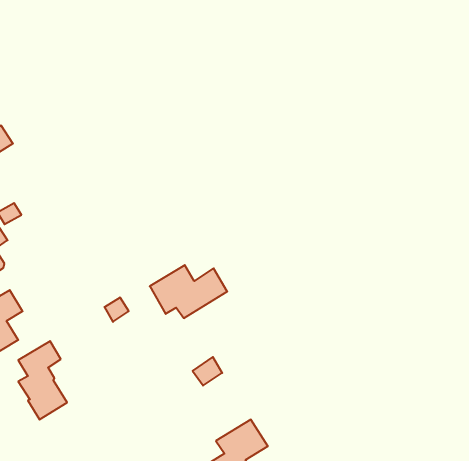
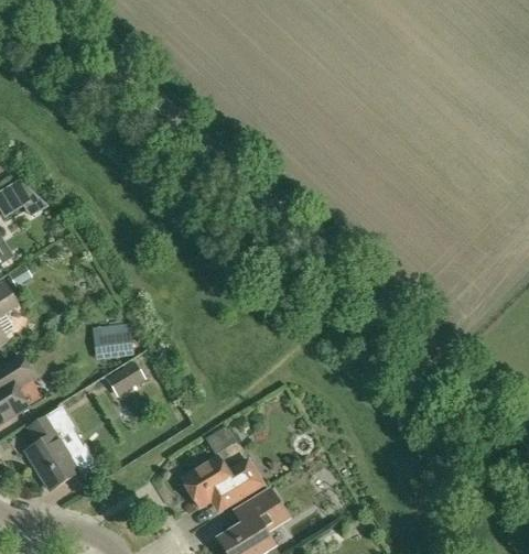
building: none -> [100,321,130,358]
building: [150,265,227,318] -> [180,457,260,512]

